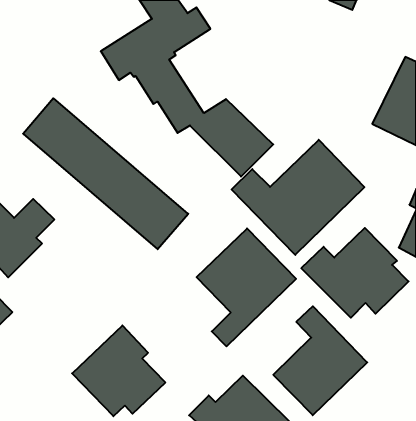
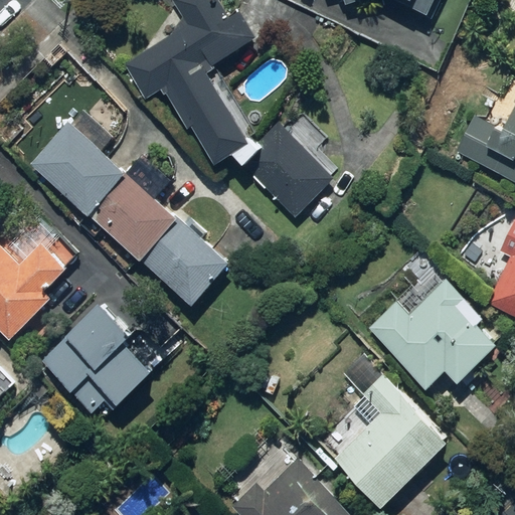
building: [232,140,364,255] -> none
building: [197,228,296,346] -> none
building: [72,325,165,416] -> [40,302,154,412]

